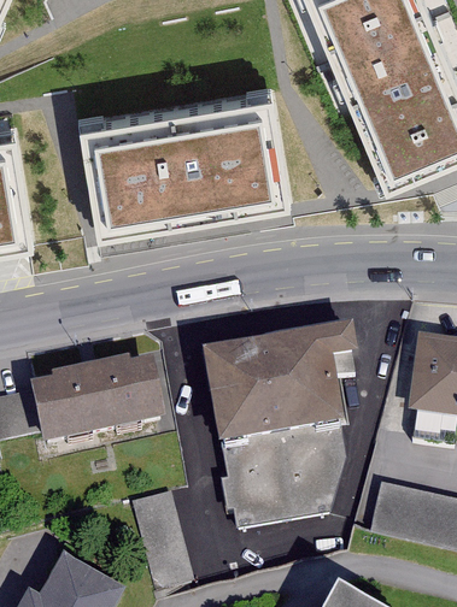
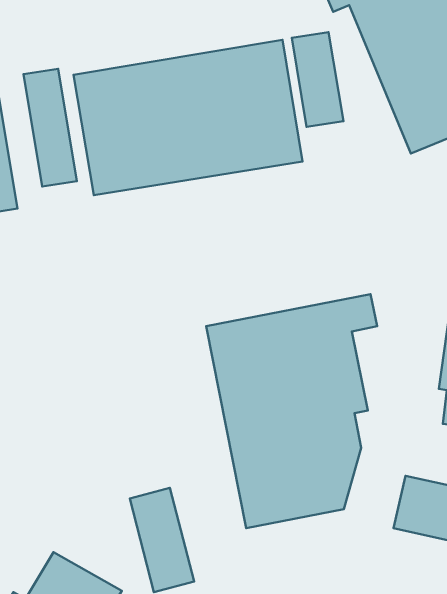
building: none -> [292,32,343,127]
building: none -> [23,69,77,186]
building: [19,367,160,455] -> none

